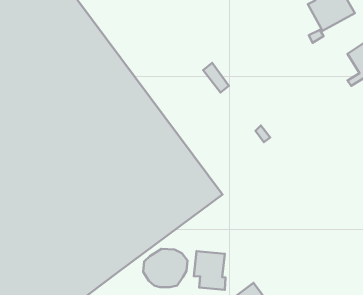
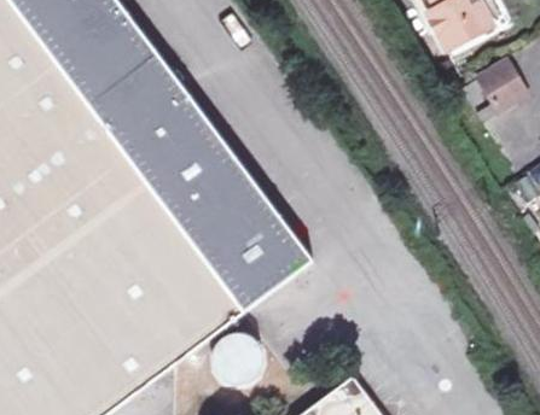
building: [194,251,225,290] -> none

